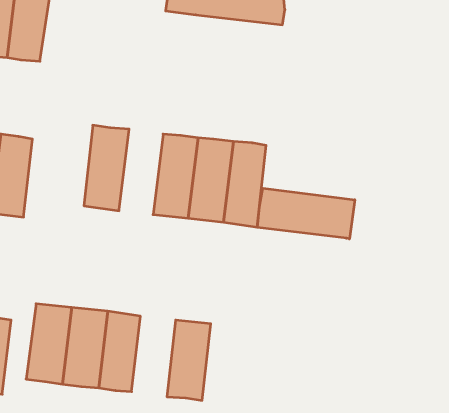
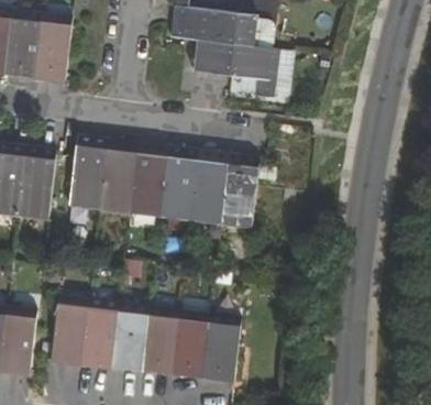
building: none -> [195,42,279,99]
building: none -> [68,135,108,209]
building: none -> [131,142,169,217]
building: [257,188,355,239] -> none
building: none -> [142,306,180,376]
building: none -> [203,313,241,383]

